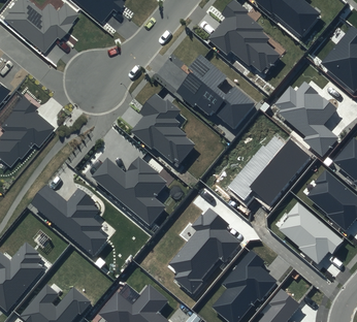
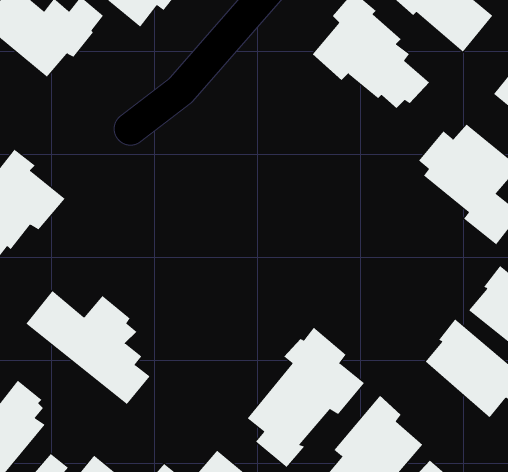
building: [174,56,256,130] -> none
building: [130,93,195,164] -> none
building: [227,137,311,207] -> none
building: [91,156,166,224] -> none

